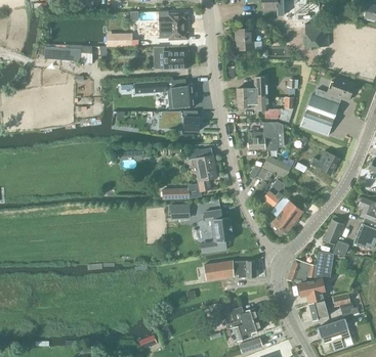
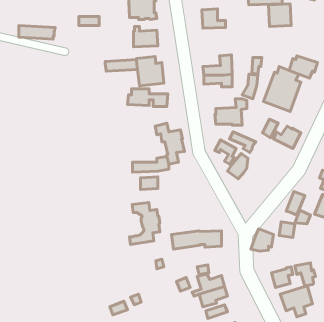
building: [271,195,303,233] -> none
building: [201,209,233,253] -> [129,203,160,245]
building: [298,278,326,302] -> none

